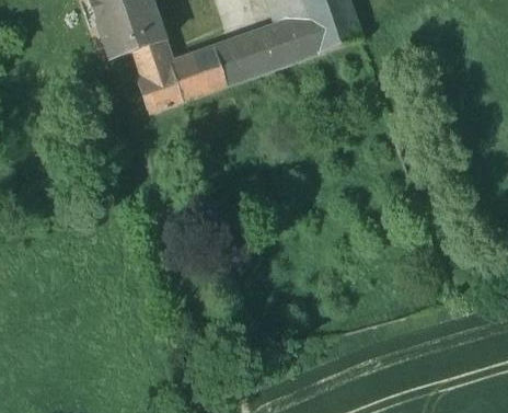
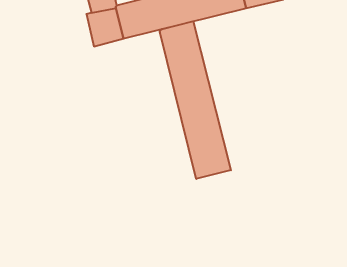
building: none -> [160,21,231,179]

